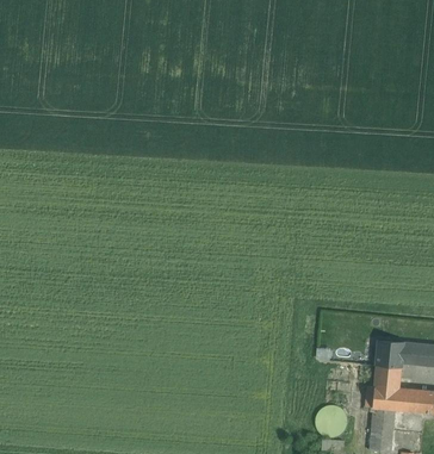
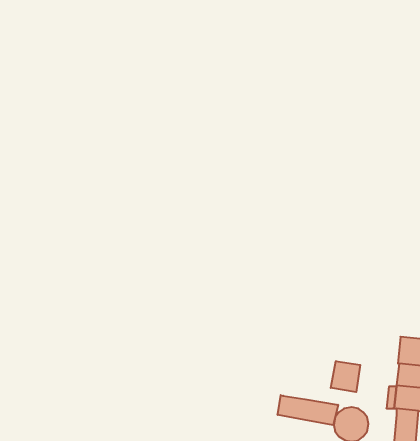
building: none -> [331,361,360,392]
building: none -> [278,395,338,425]

